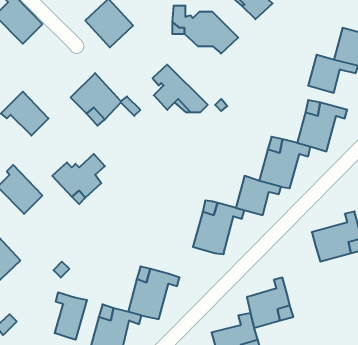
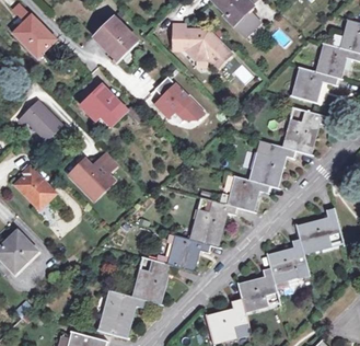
building: none -> [167,233,210,270]
building: none -> [267,238,310,281]
building: [55,292,87,340] -> none

